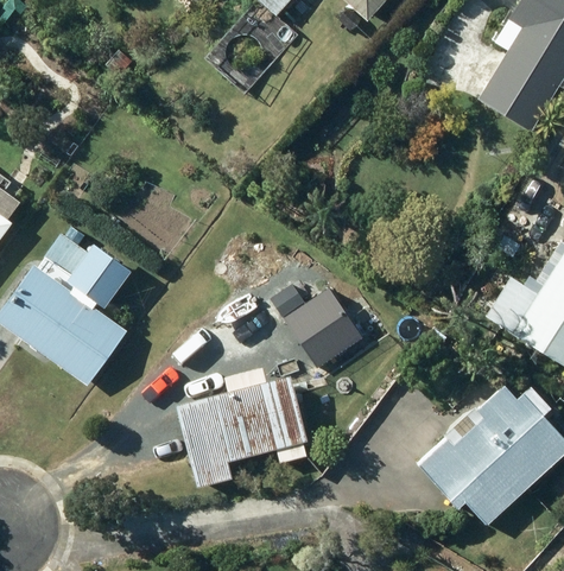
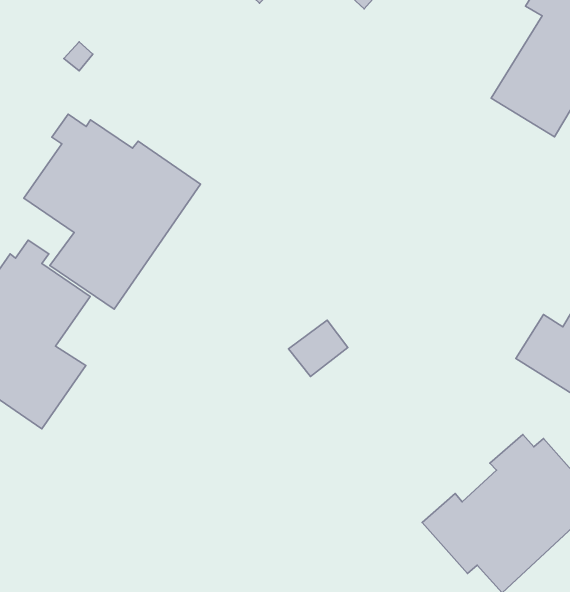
building: none -> [24,114,200,309]
building: [175,363,305,488] -> none

